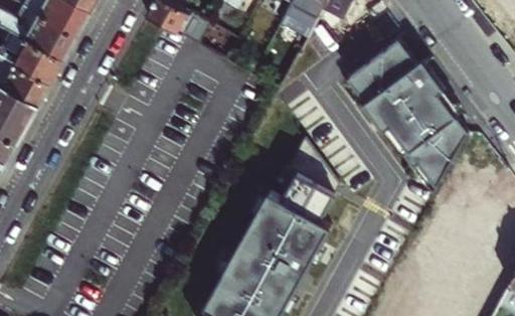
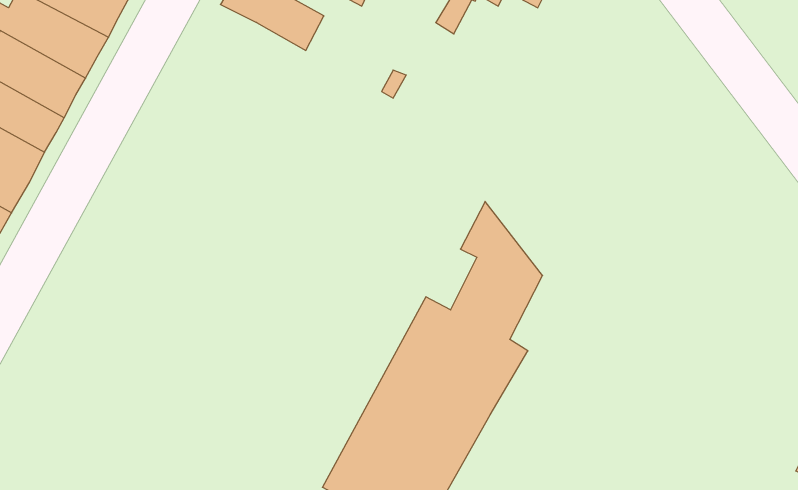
building: [348,36,467,191] -> none

